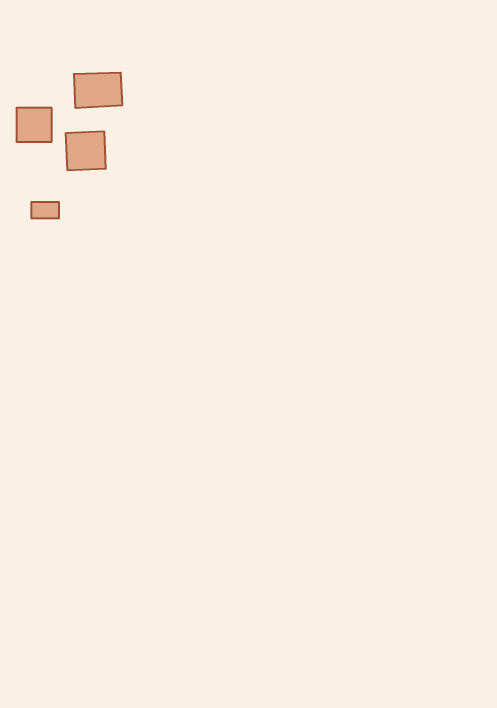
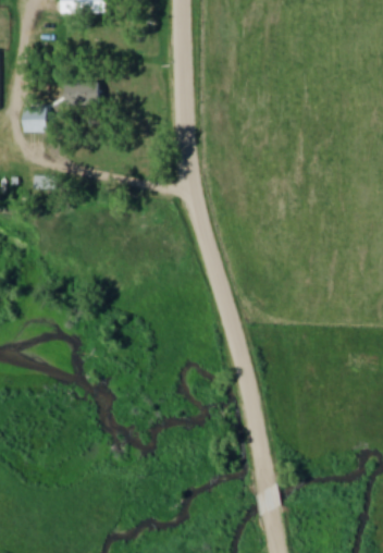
building: [66,131,106,170] -> none

